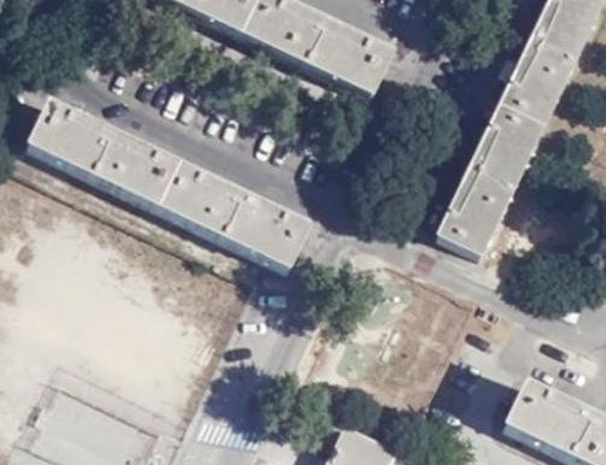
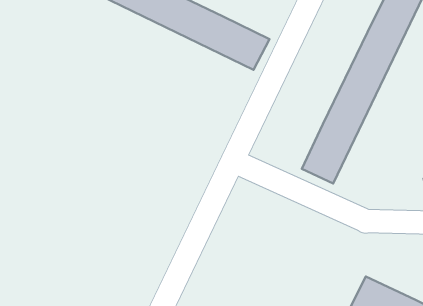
building: [29,99,310,269] -> none

